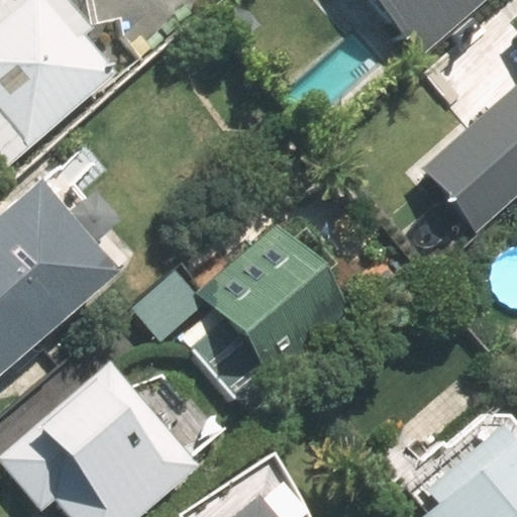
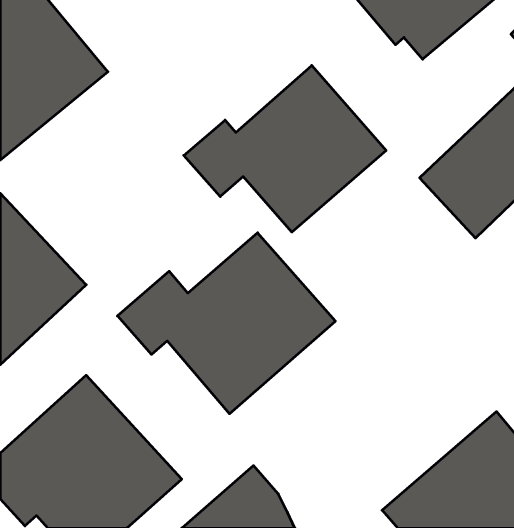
building: none -> [184,65,386,232]

